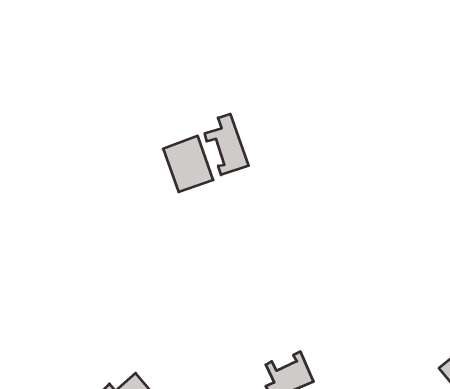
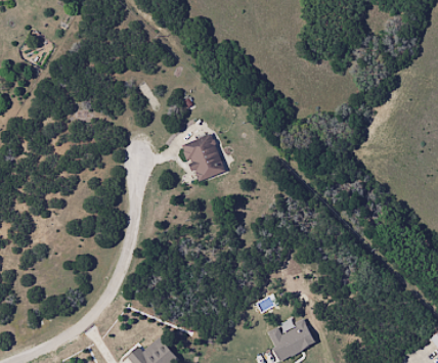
building: [205,114,249,175] -> none

